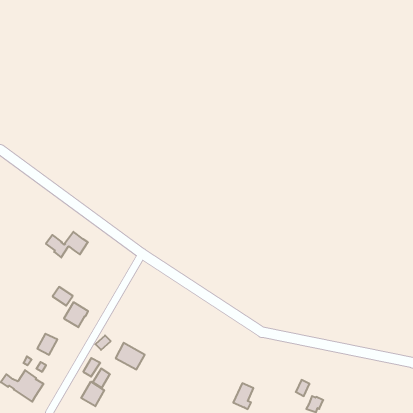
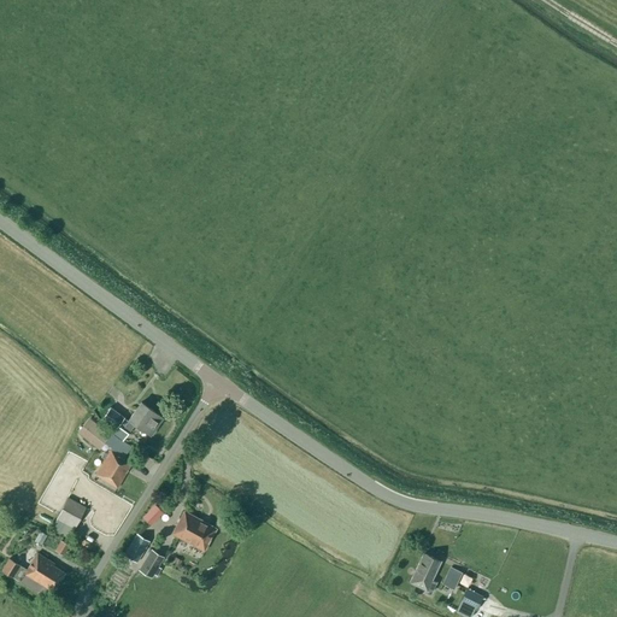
building: [46,232,88,258] -> [100,402,163,441]
building: [81,382,104,406] -> none
building: [233,383,253,409] -> [409,553,439,592]

